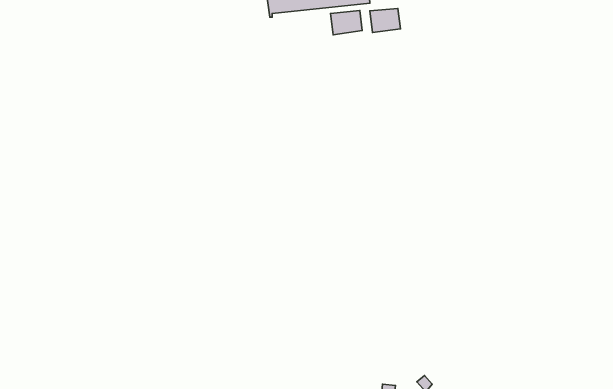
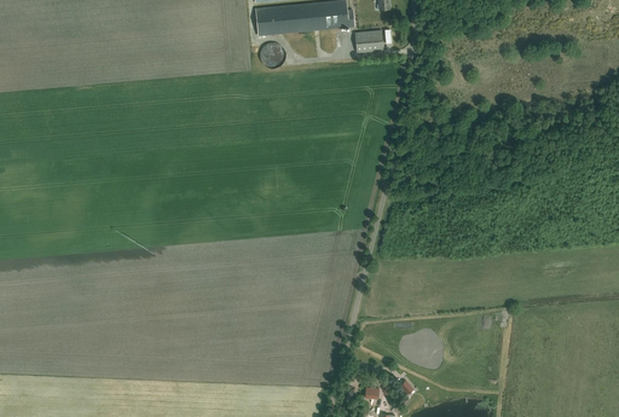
building: [331,11,362,35] -> none

